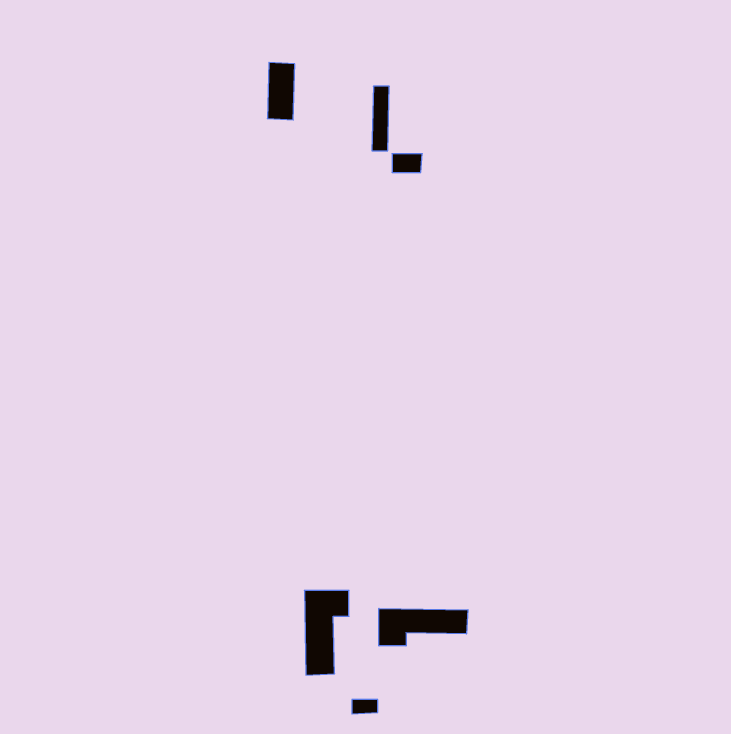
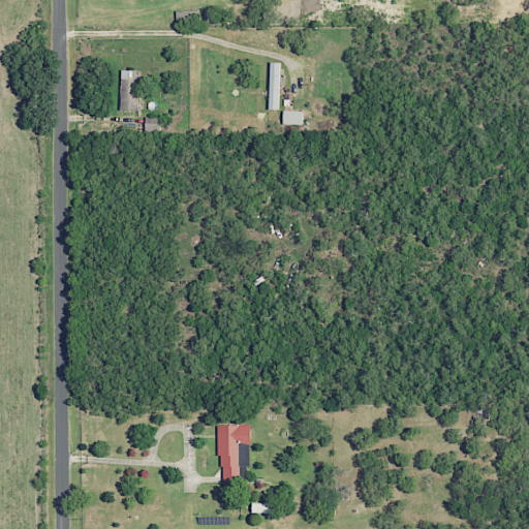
building: [267,62,295,120] -> [121,69,141,111]
building: [379,608,468,646] -> none

